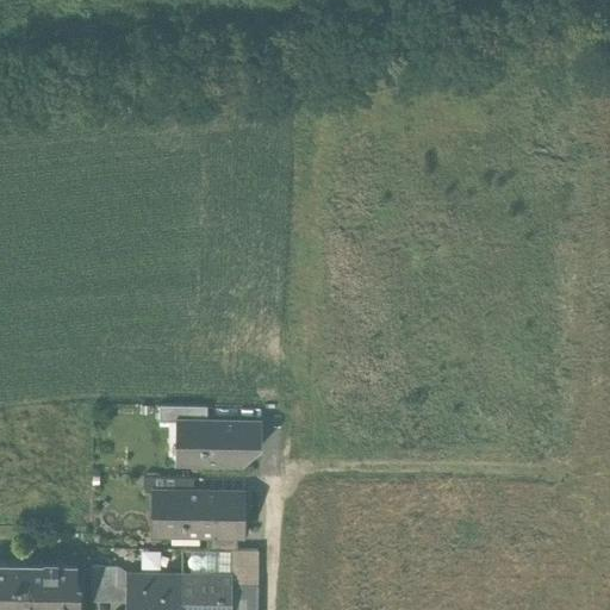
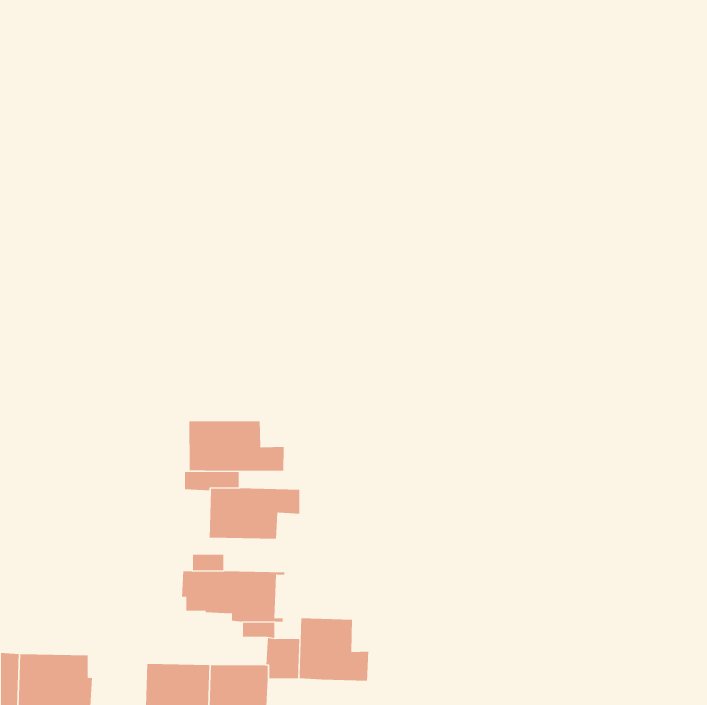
building: none -> [189,420,284,471]
building: none -> [299,617,369,682]
building: [91,567,117,597] -> none

